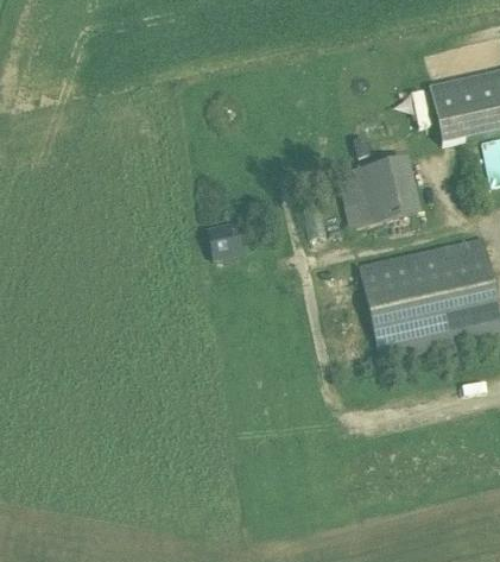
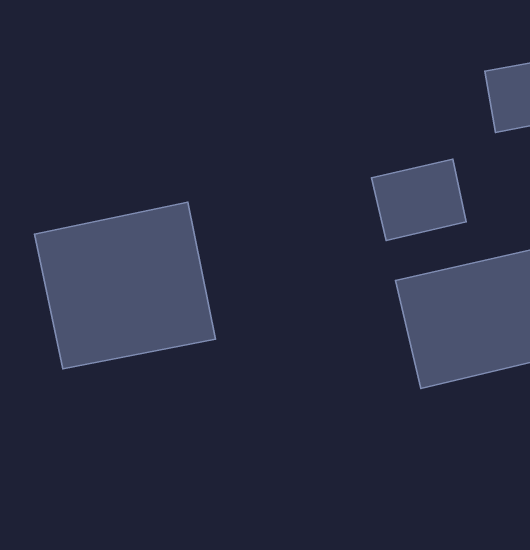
building: none -> [34,202,215,369]
building: [208,229,242,264] -> none

